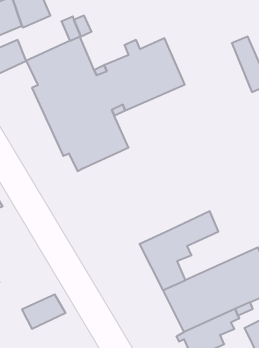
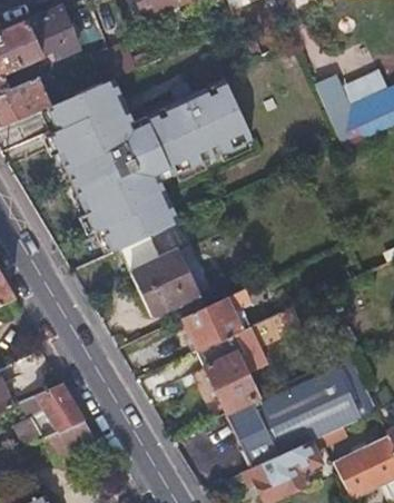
building: none -> [120,223,200,314]
building: none -> [179,275,277,351]
building: none -> [19,377,83,437]

